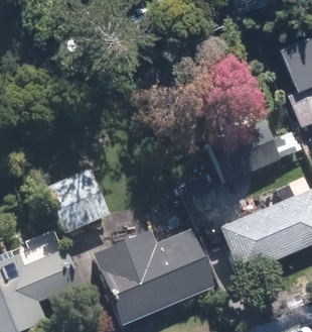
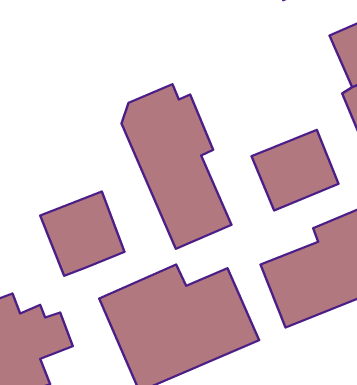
building: none -> [121,84,232,249]

